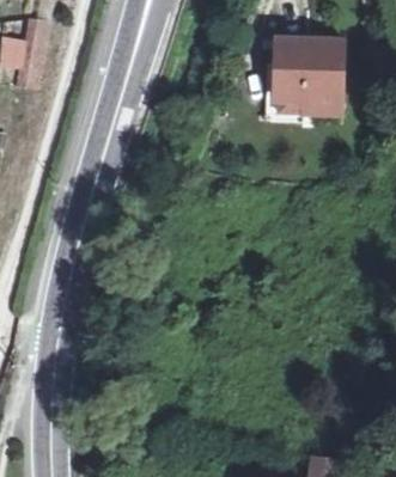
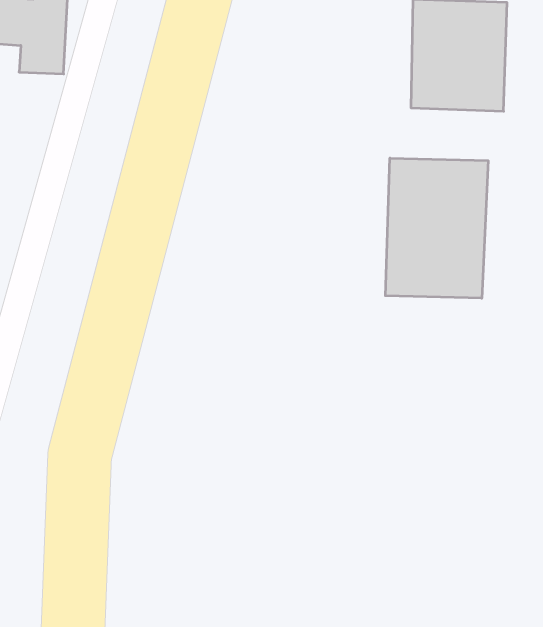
building: none -> [385,158,488,298]

